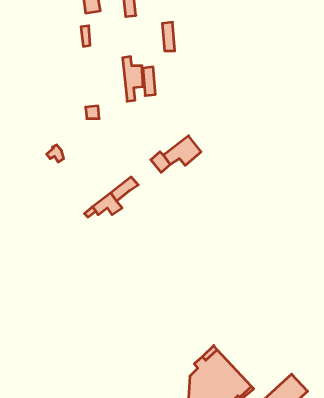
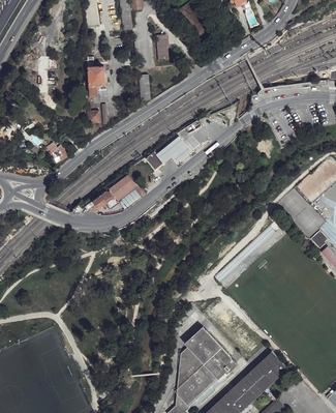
building: [123,57,143,101] -> [84,57,102,97]

